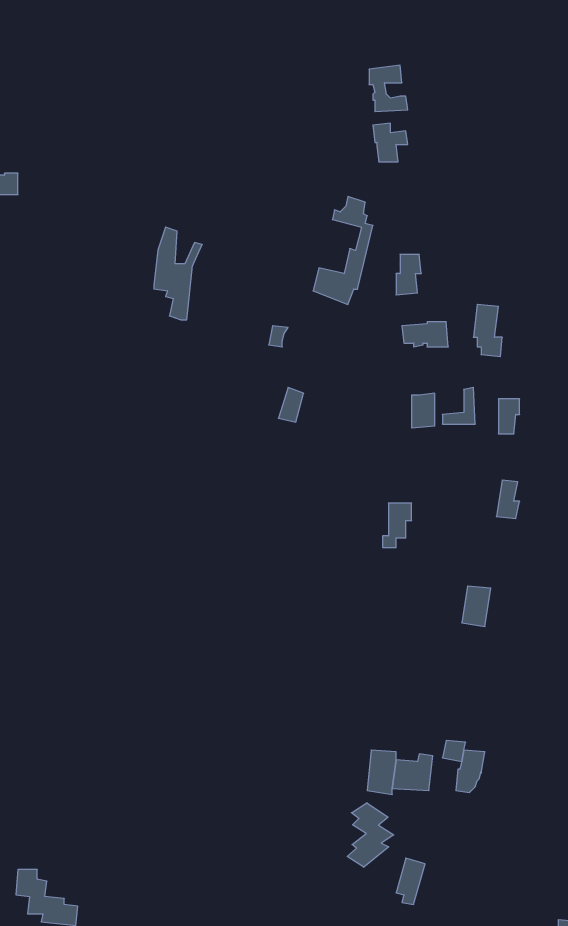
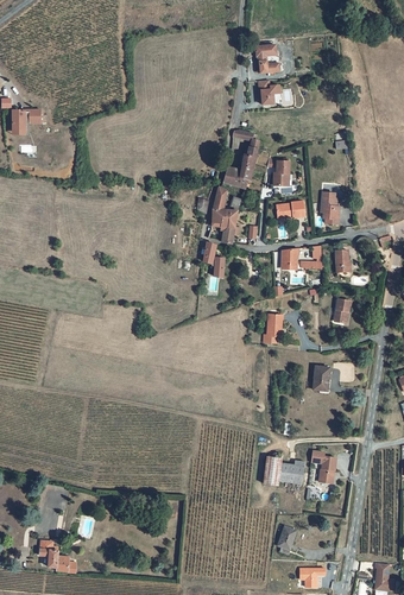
building: [154,227,202,320] -> [212,186,241,243]
building: [347,803,394,867] -> none

